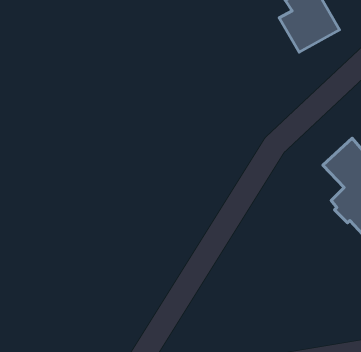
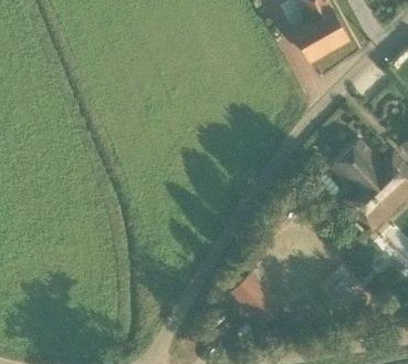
building: none -> [230,273,282,325]

